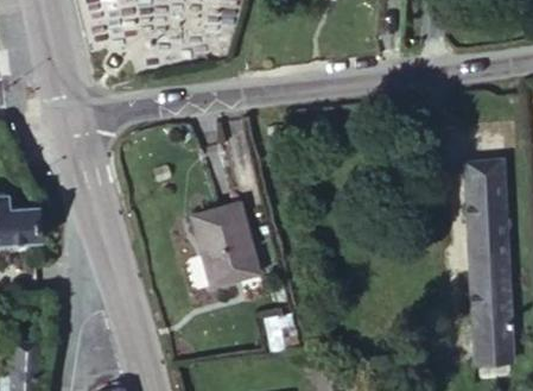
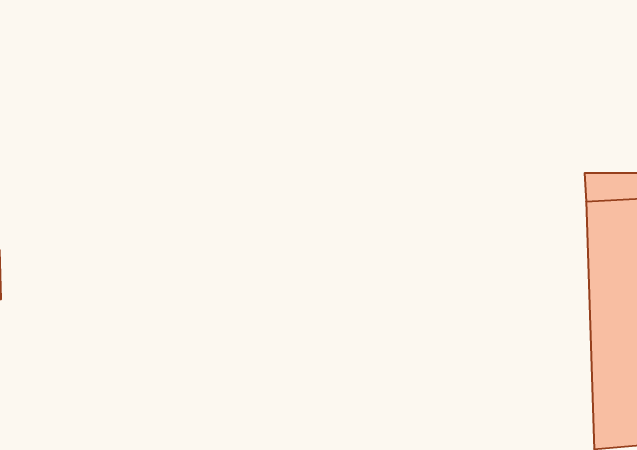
building: [193,206,262,288] -> none

